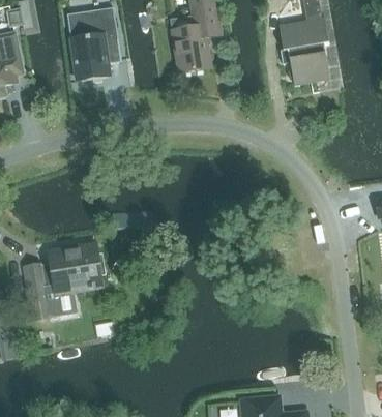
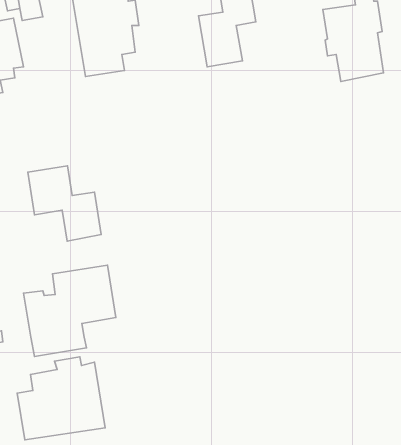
building: none -> [28,166,101,241]
building: none -> [17,357,105,440]

